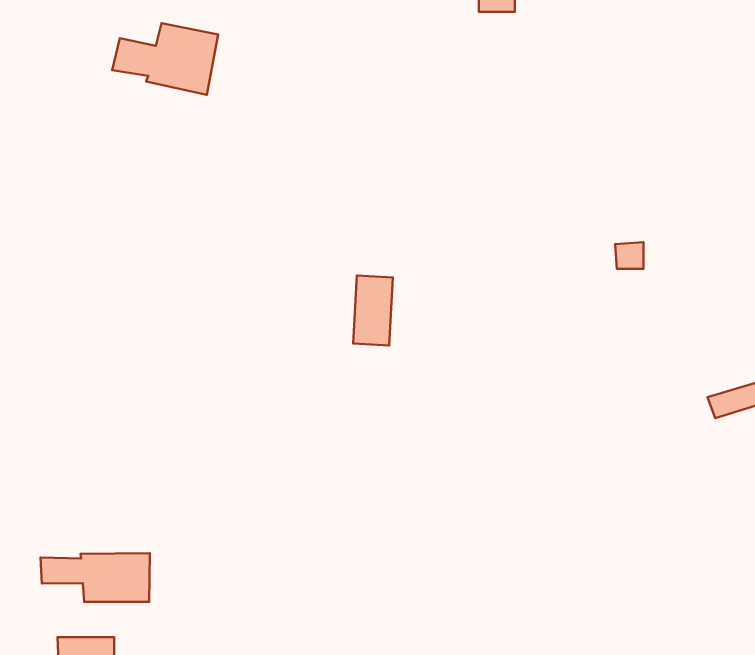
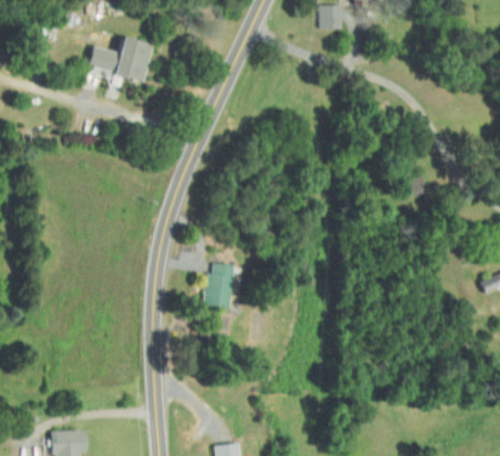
building: [353,275,393,345] -> [208,263,233,308]
building: [41,553,150,602] -> none

